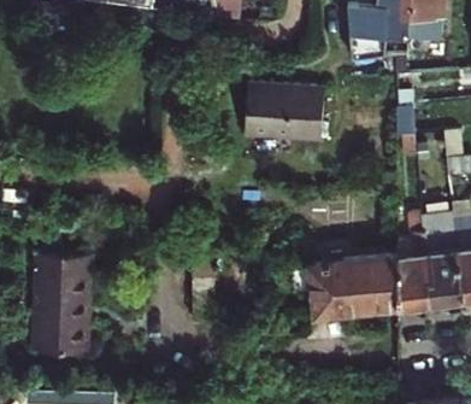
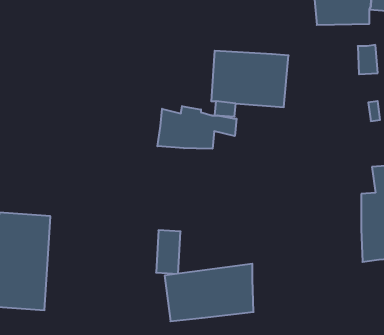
building: none -> [157,106,237,149]
building: [312,252,404,311] -> [165,264,254,321]

